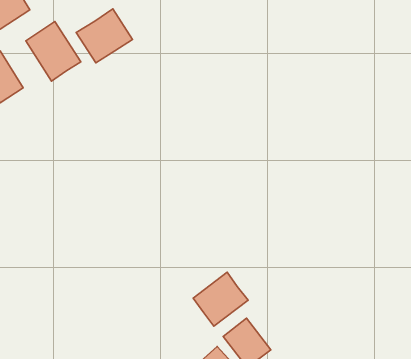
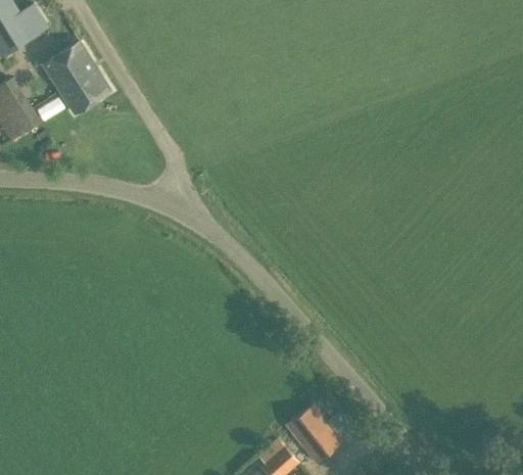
building: [76,9,133,63] -> none
building: [193,272,248,326] -> none

